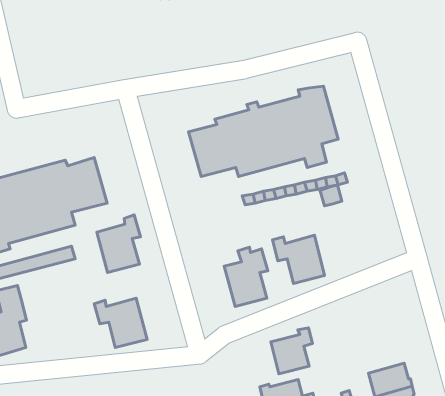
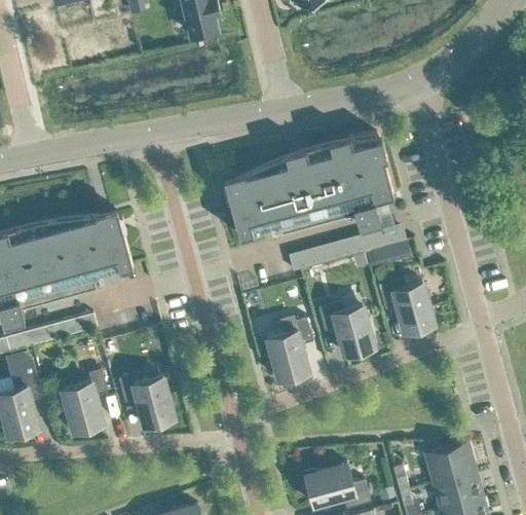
building: none -> [377,277,436,332]
building: [97,215,141,272] -> [58,367,107,432]
building: [271,328,312,374] -> none

